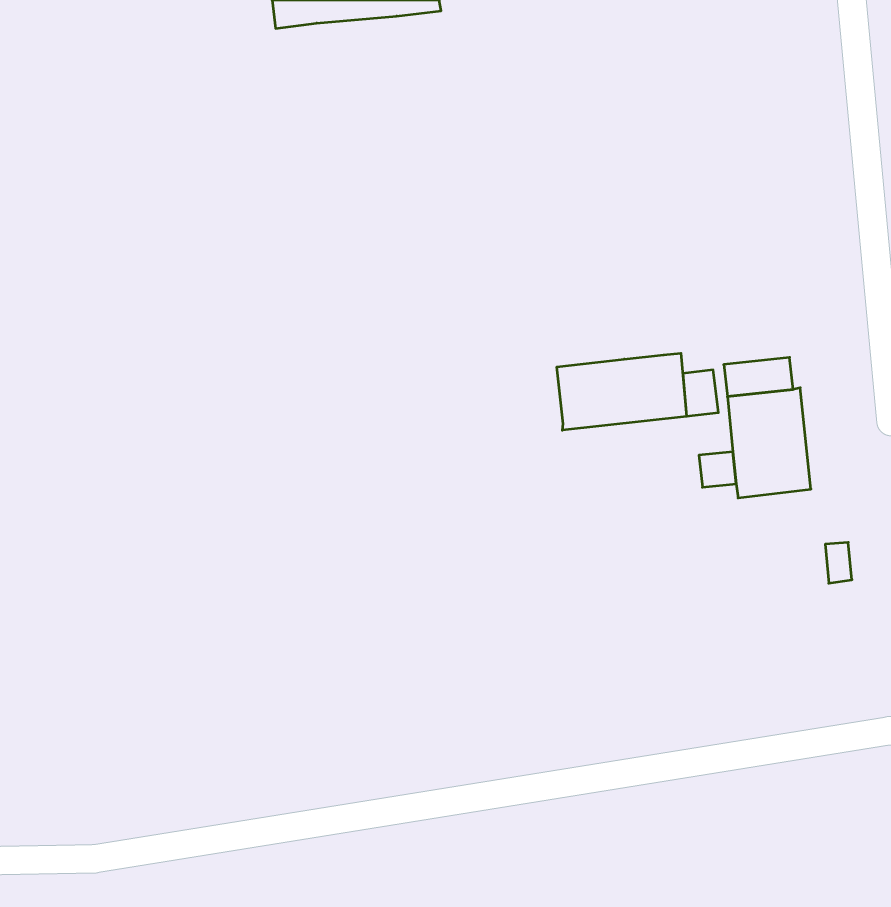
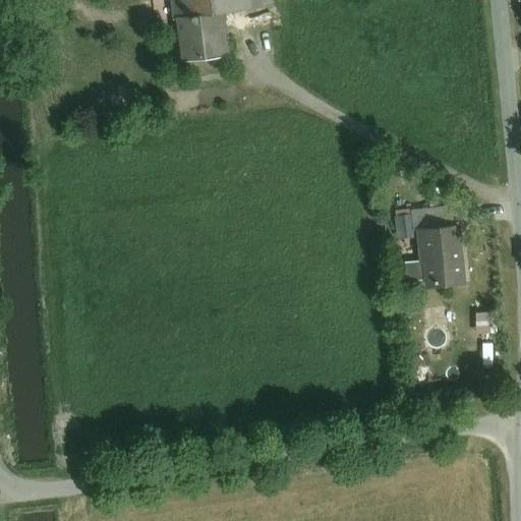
building: none -> [181,10,232,60]
building: [557,353,687,430] -> none

